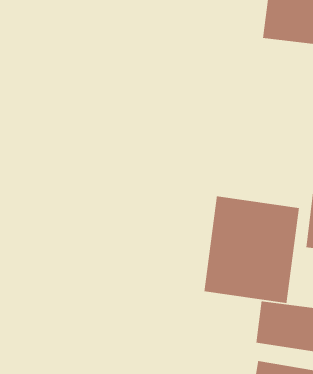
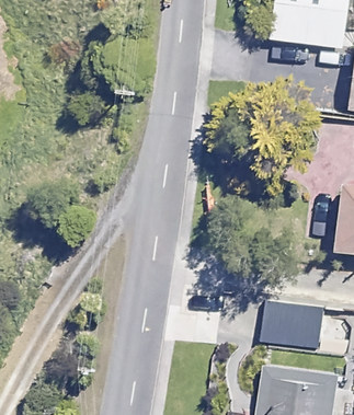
building: [204,196,299,304] -> none

